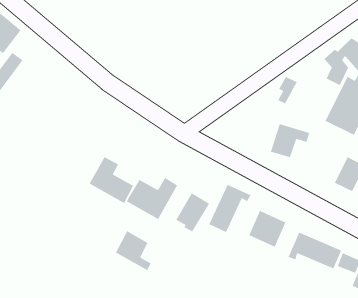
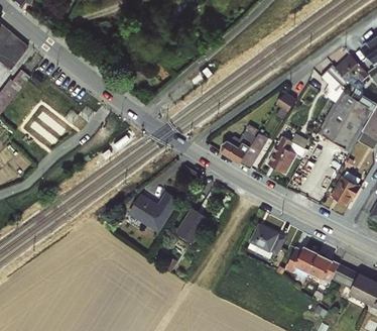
building: none -> [220,124,269,169]
building: [88,156,134,204] -> none
building: [208,184,252,233] -> none
building: [115,230,152,271] -> none

